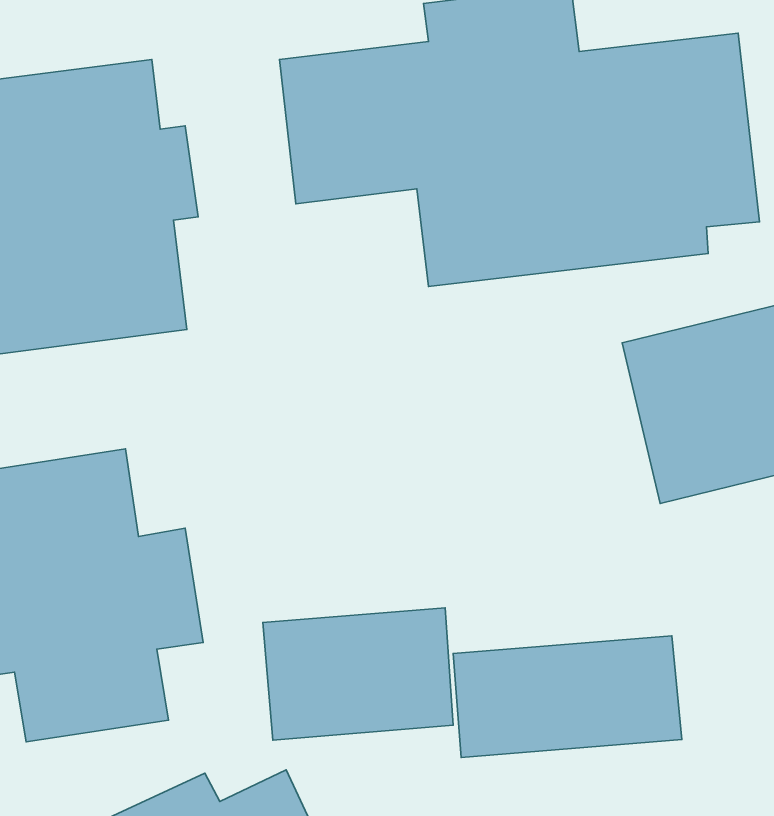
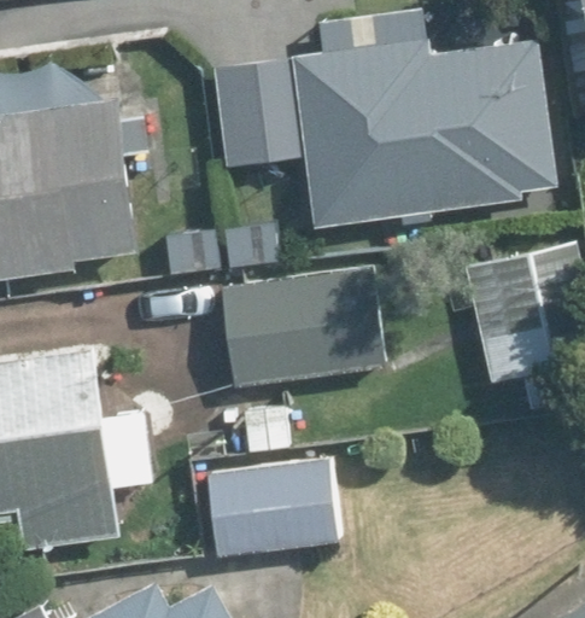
building: none -> [220,269,387,385]
building: [453,636,682,757] -> none

